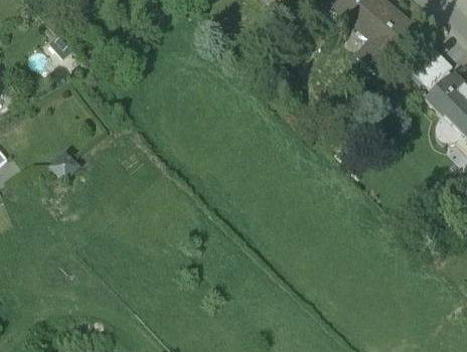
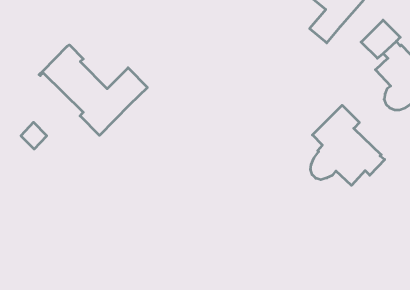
building: none -> [39,45,147,135]
building: none -> [311,105,385,185]

